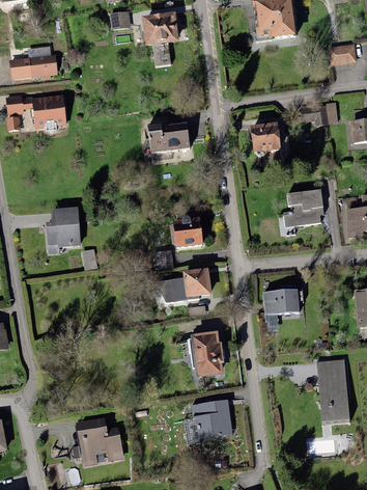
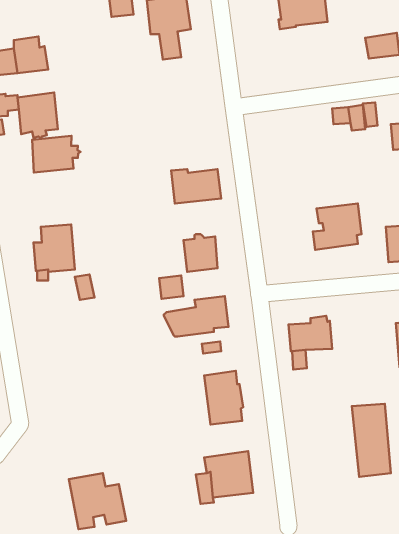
building: [250,121,281,157] -> none
building: [147,122,190,152] -> [171,169,221,203]
building: none -> [32,136,81,172]

